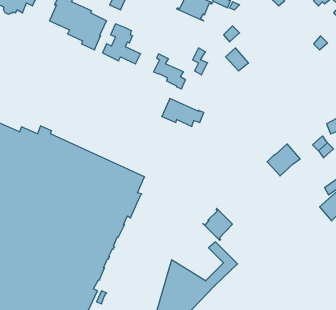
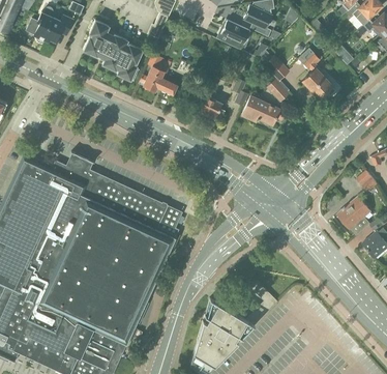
building: none -> [297,48,336,98]
building: [162,98,204,126] -> [242,96,286,125]
building: [267,144,300,176] -> [337,196,371,229]
building: [203,208,232,240] -> none

